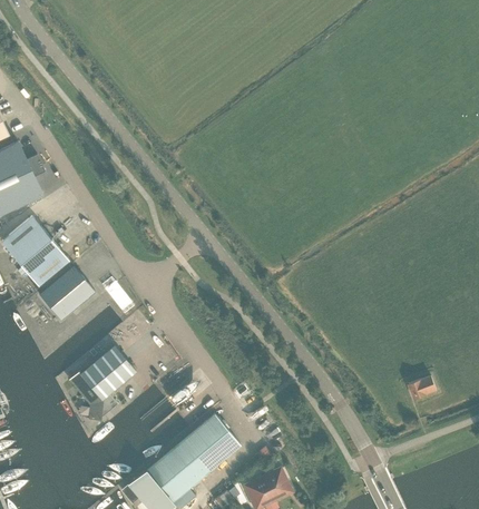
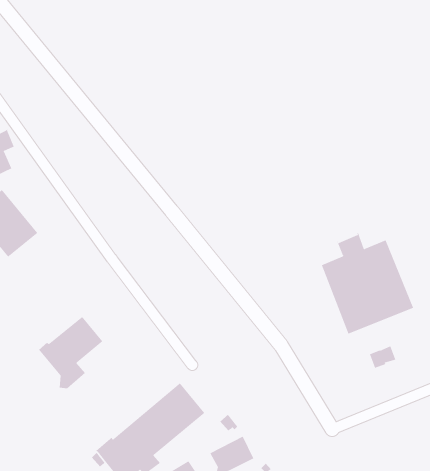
building: none -> [321,232,414,334]
building: [38,265,94,320] -> none

